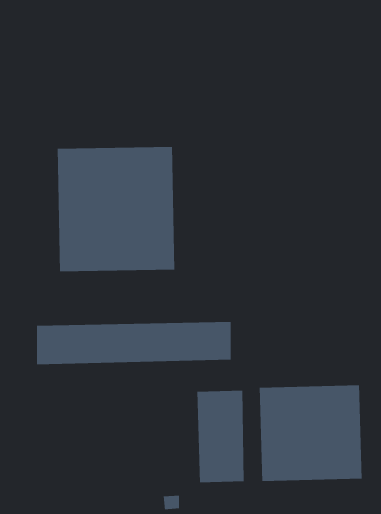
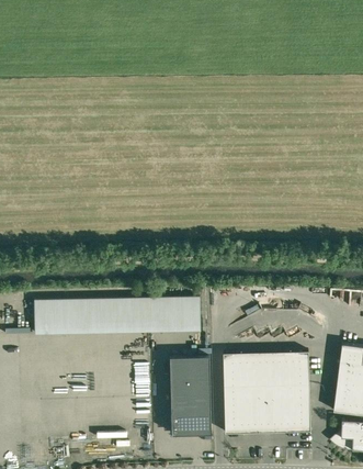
building: [57,146,175,272] -> none

